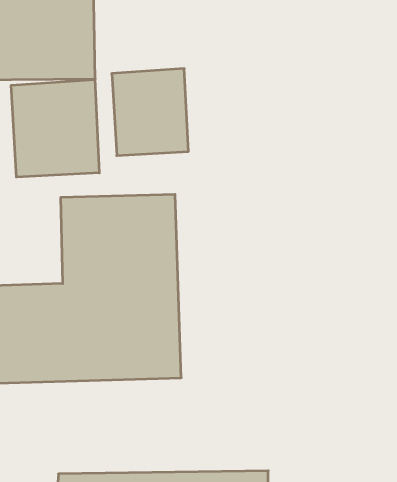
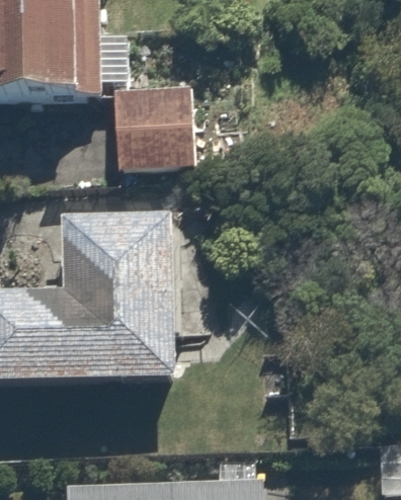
building: [11,80,99,177] -> none

